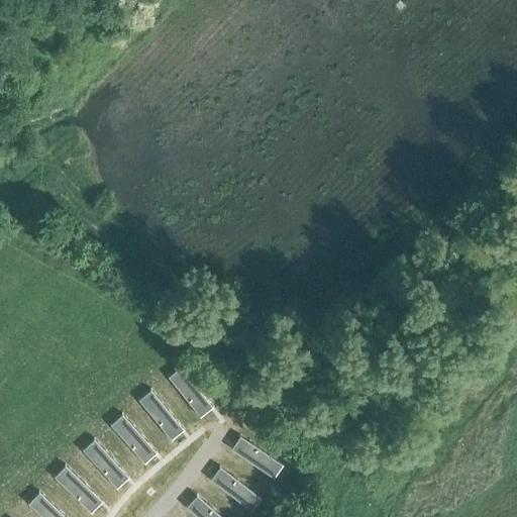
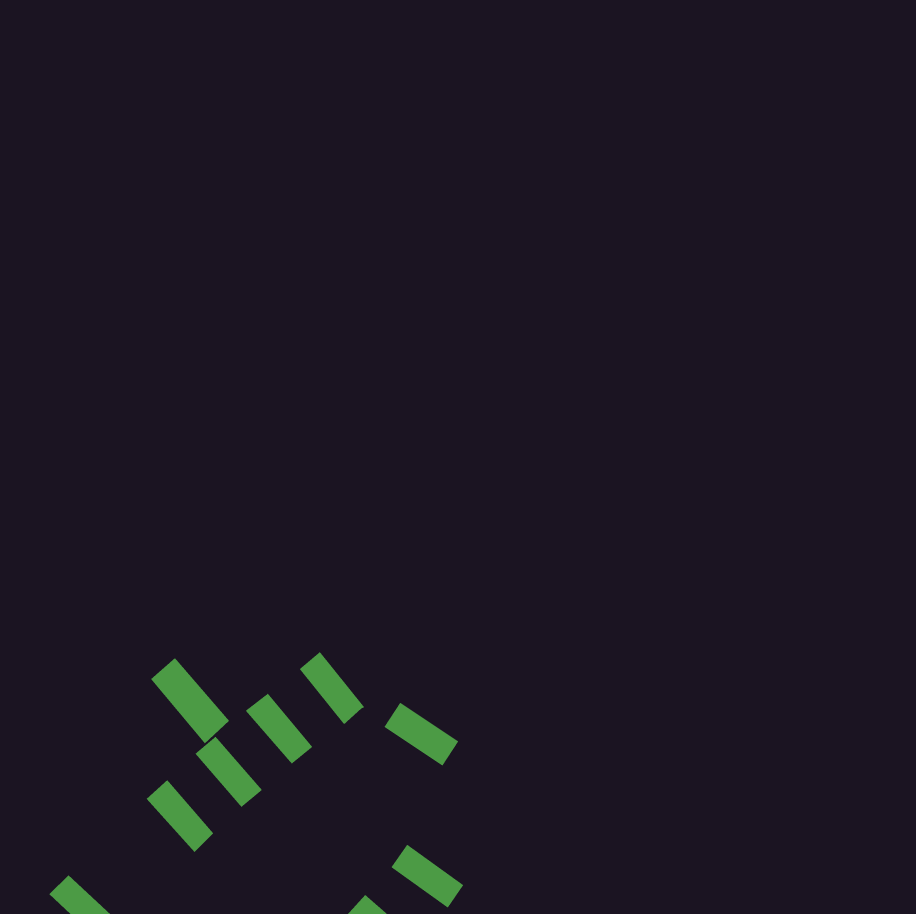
building: none -> [150,657,230,744]
building: [242,444,285,481] -> [384,702,459,767]
building: [56,467,95,507] -> none

